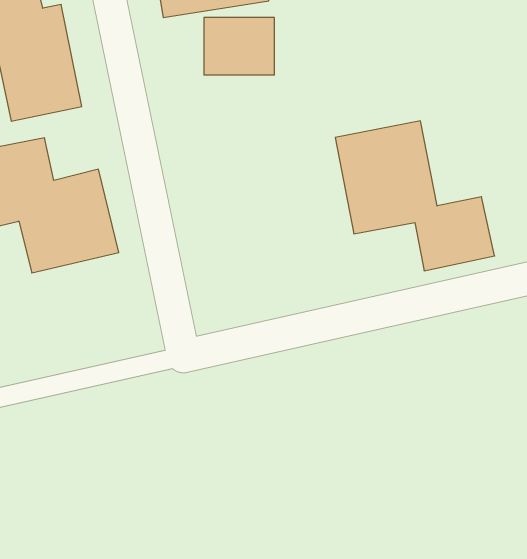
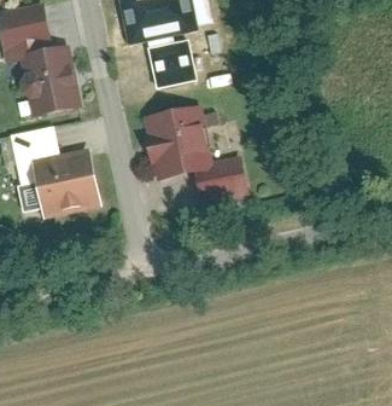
building: [335,121,495,271] -> [144,105,247,203]

